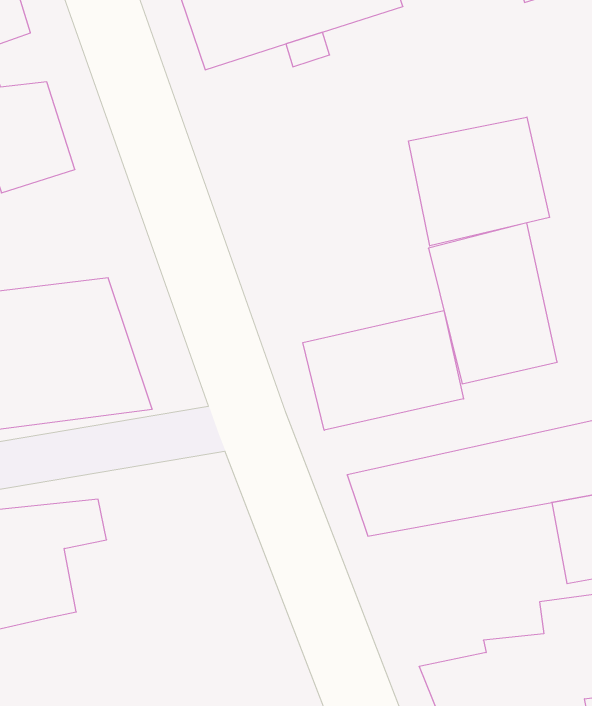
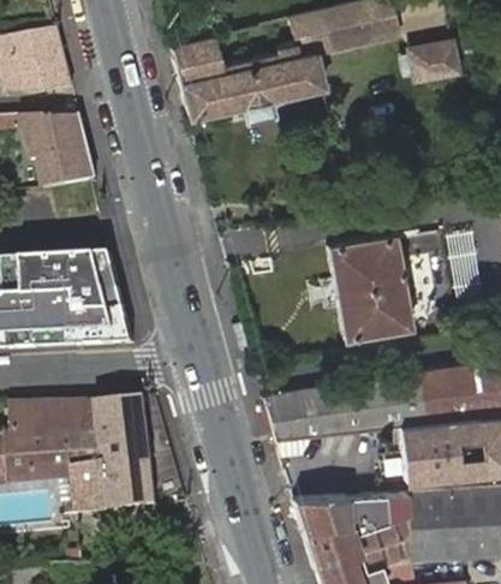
building: [409,117,550,246] -> none
building: [303,311,464,430] -> none
building: none -> [70,394,157,511]
building: none -> [291,491,387,529]

